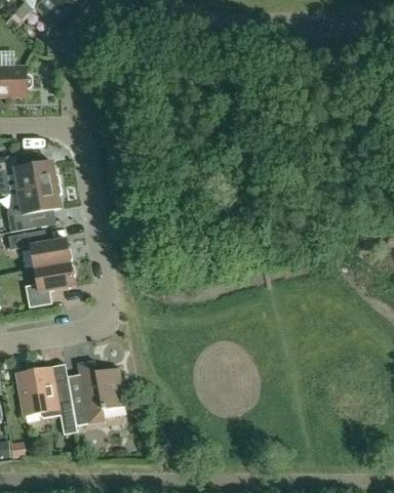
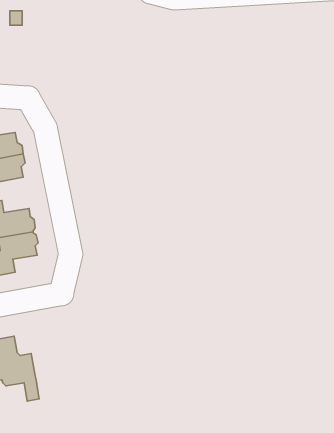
building: [72,360,125,424] -> none

